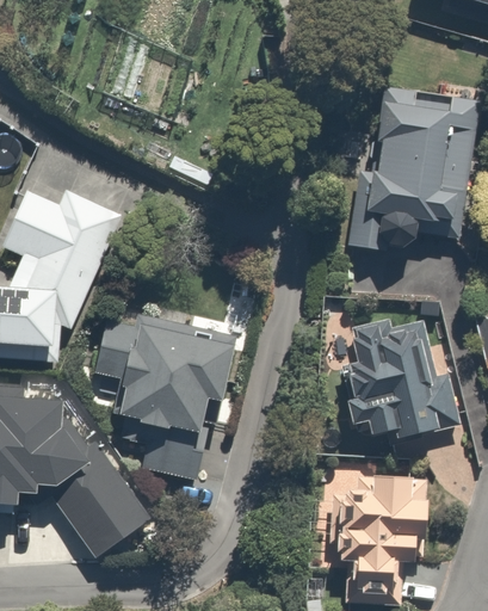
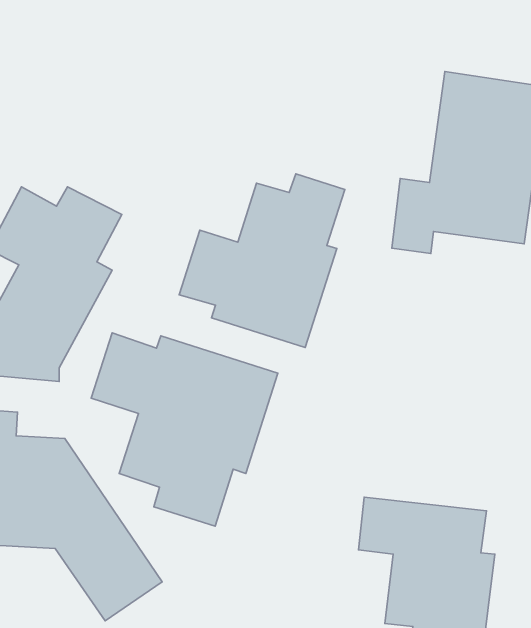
building: none -> [179,174,345,347]
building: [342,319,456,444] -> none

